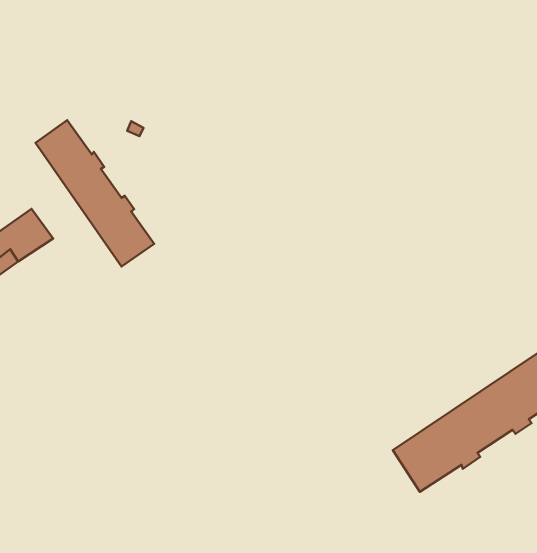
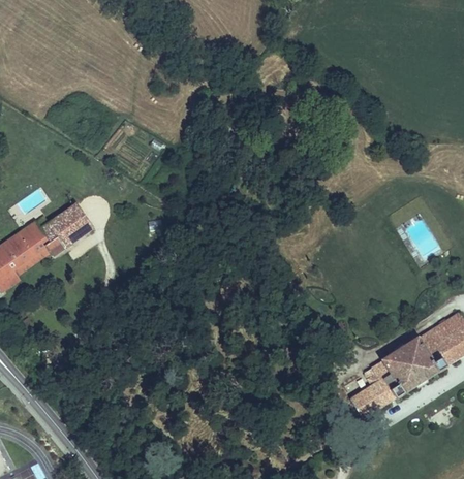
building: [35,120,154,266] -> none

